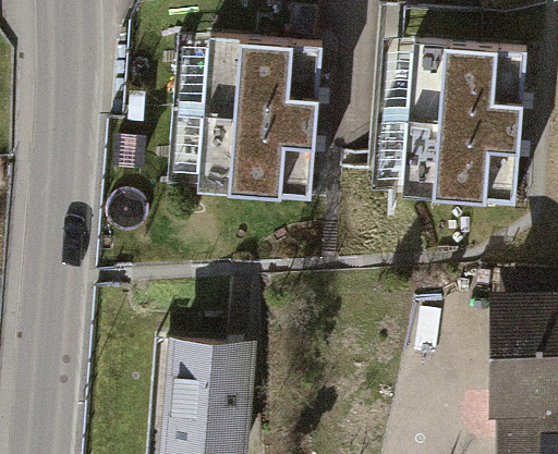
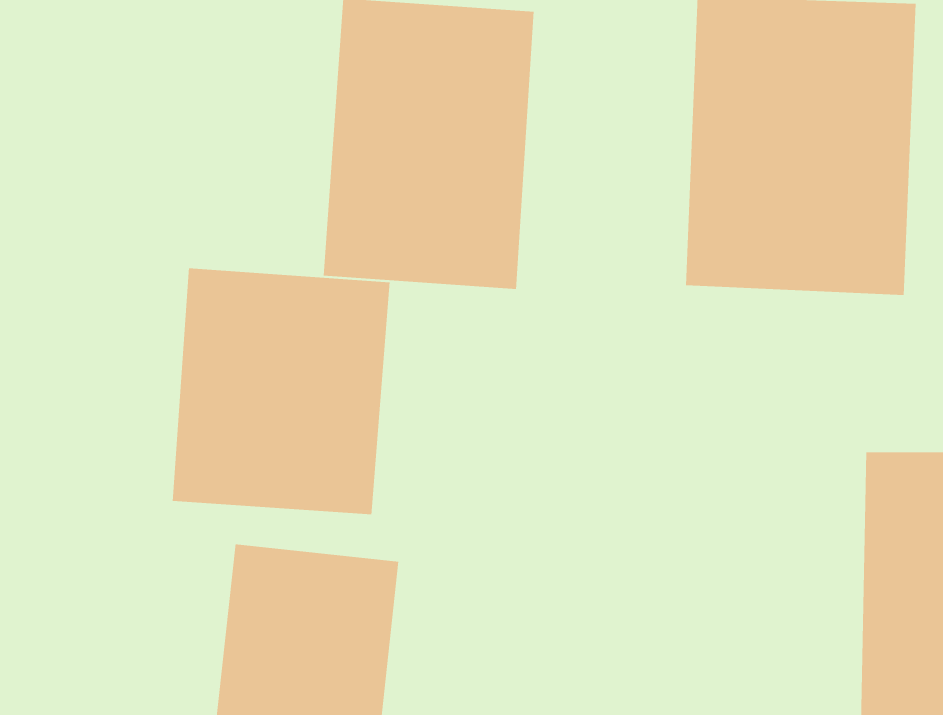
building: none -> [172,268,390,515]

